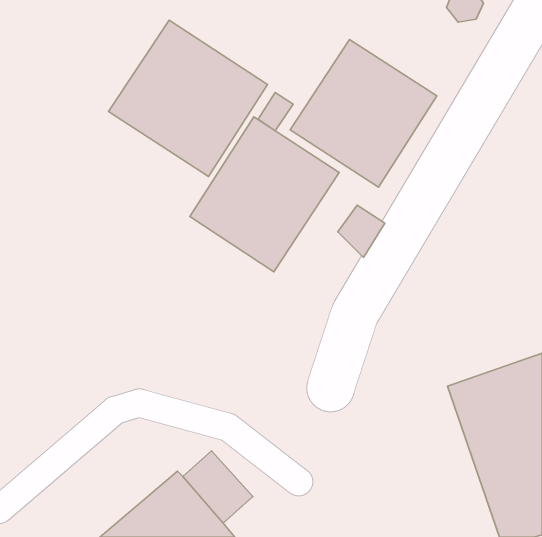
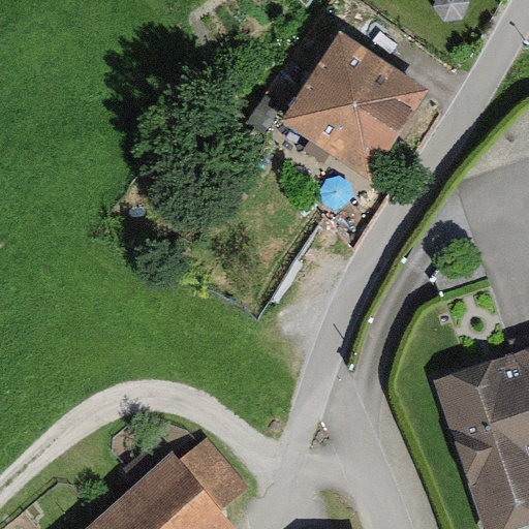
building: [109,20,267,177] -> none
building: [190,117,339,272] -> none

